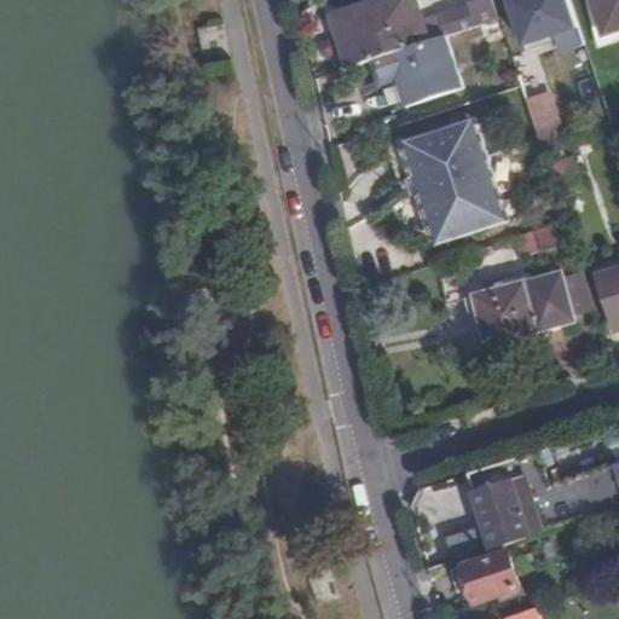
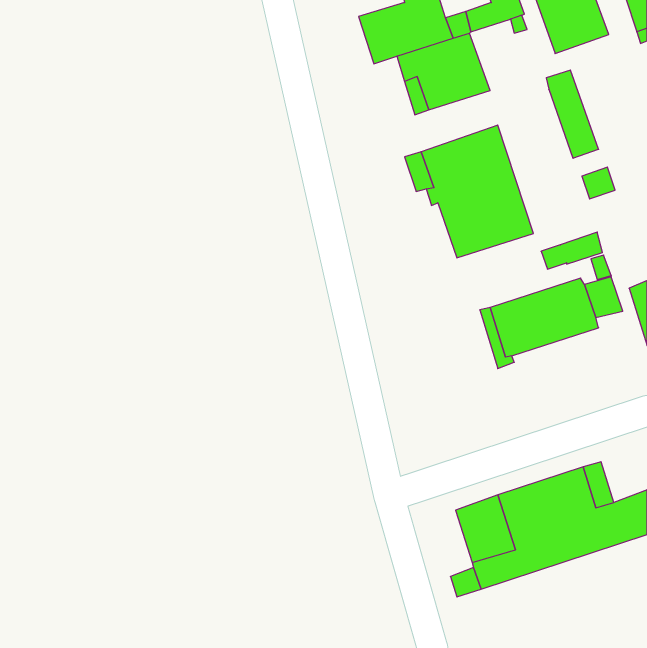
building: [452,548,521,602] -> none

